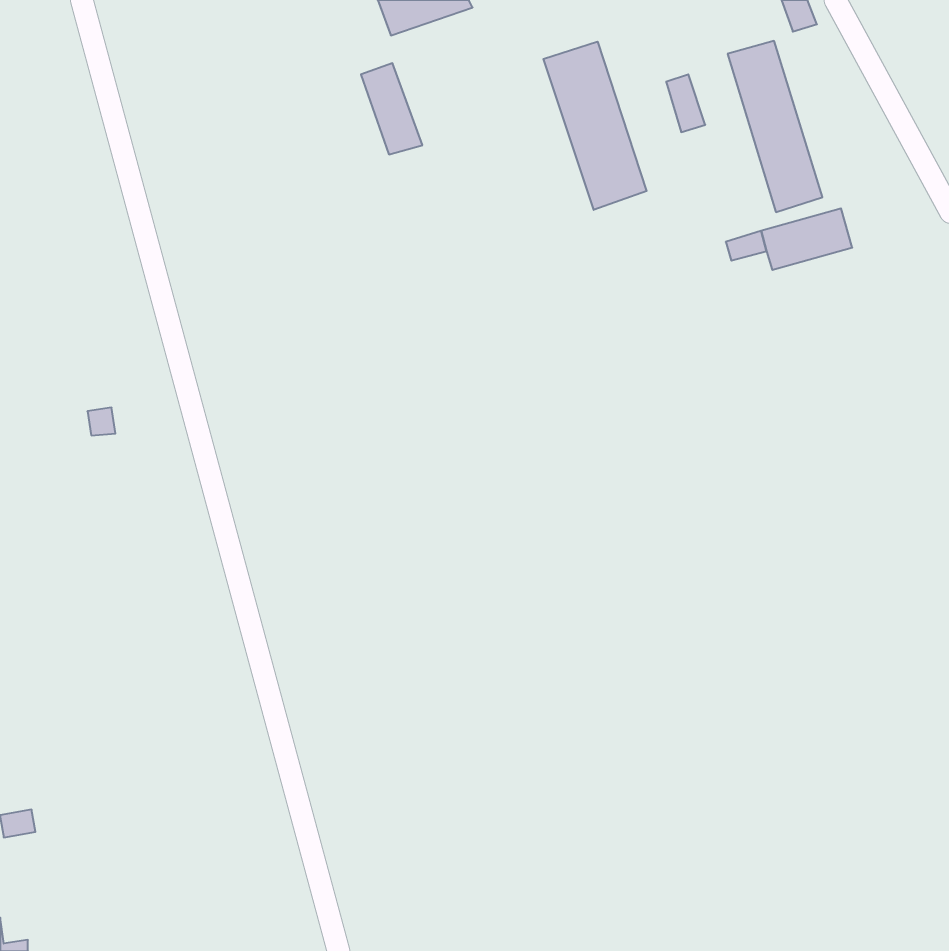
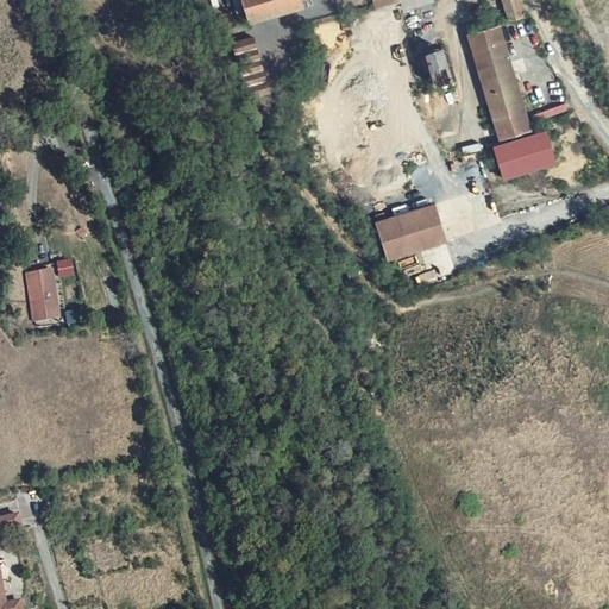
building: [543,42,647,210] -> none
building: none -> [378,206,446,257]
building: none -> [27,270,59,321]

